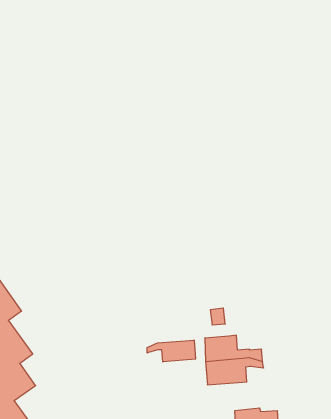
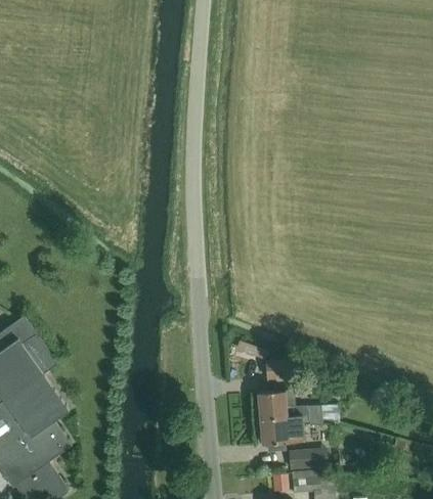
building: [147,340,196,362] -> none
building: none -> [288,448,327,469]

